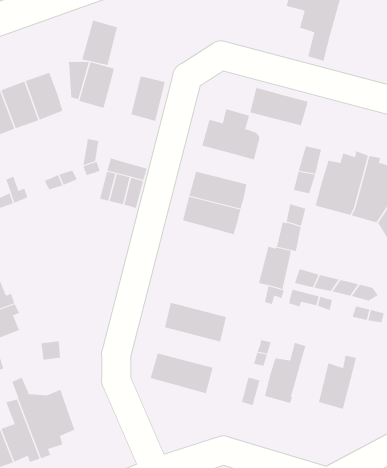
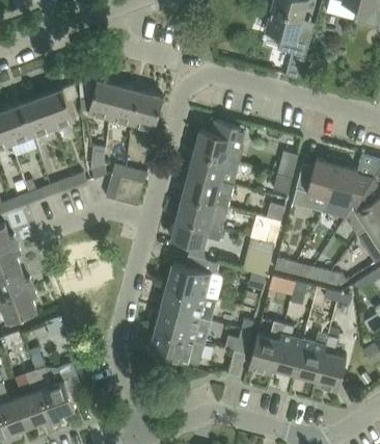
building: [82,20,118,66] -> [110,85,141,125]
building: [250,87,309,126] -> [189,152,240,185]
building: none -> [171,216,222,247]
building: none -> [167,256,222,299]
building: none -> [156,309,211,343]
building: none -> [272,324,303,373]
building: none -> [315,327,347,391]

